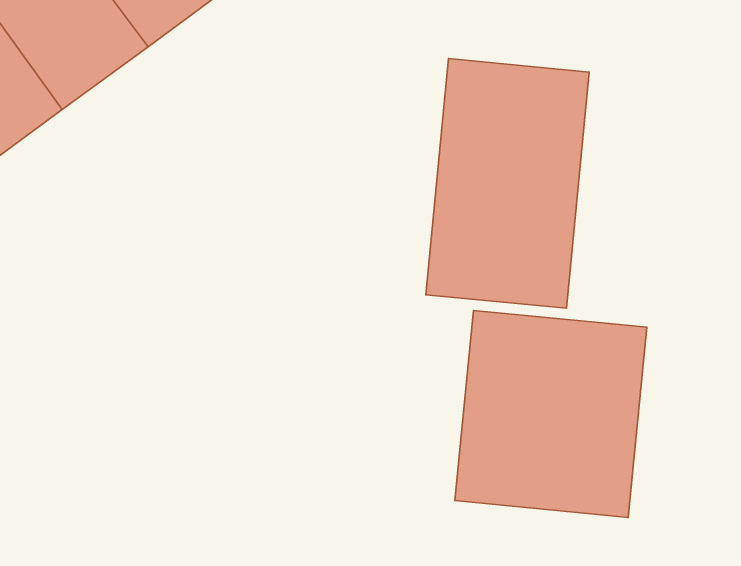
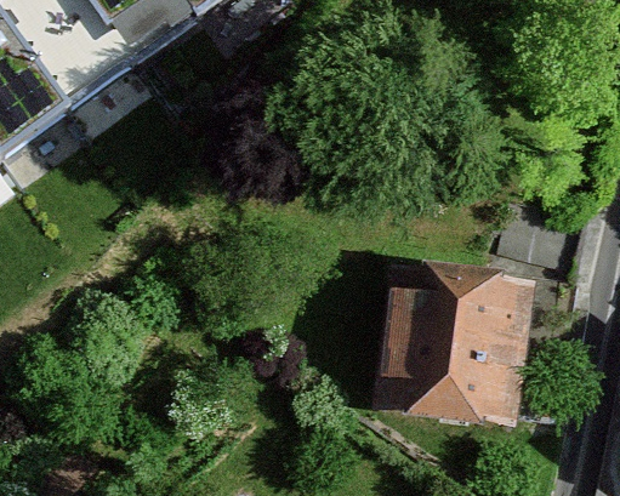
building: [426,59,589,308] -> none

